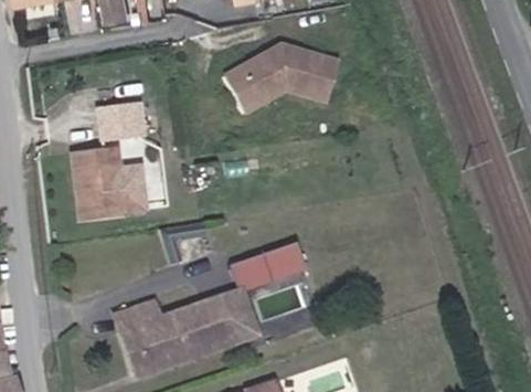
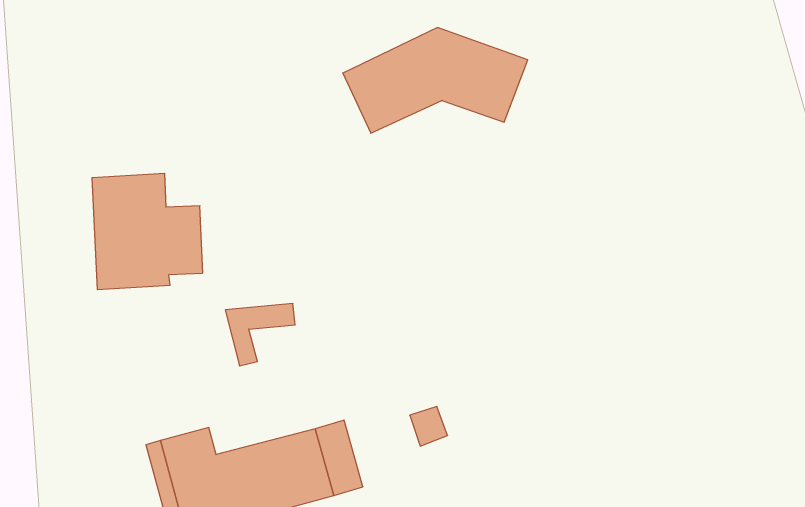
building: [98,104,136,142] -> none
building: [230,245,304,290] -> none

